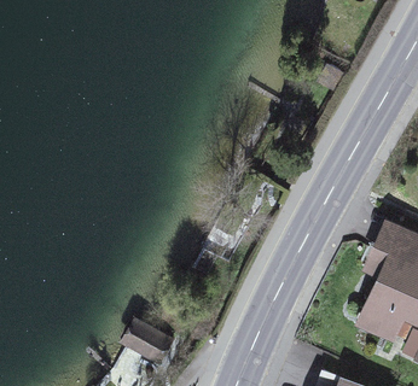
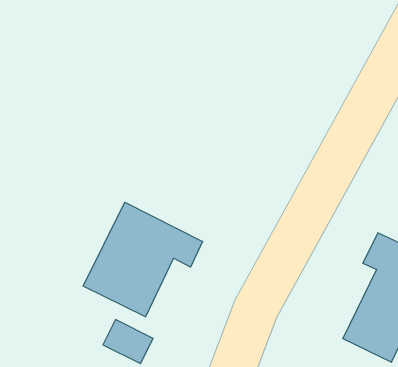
building: none -> [83,202,203,317]

